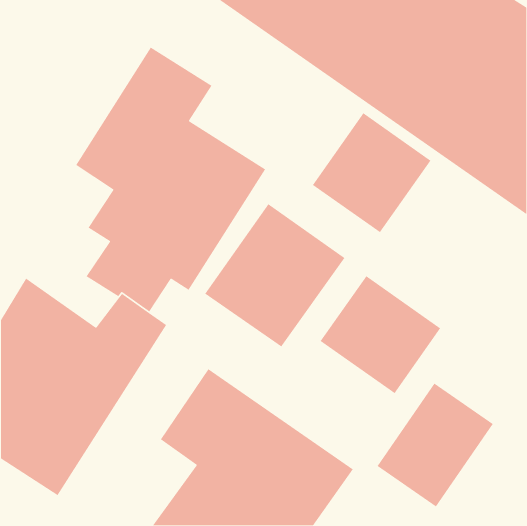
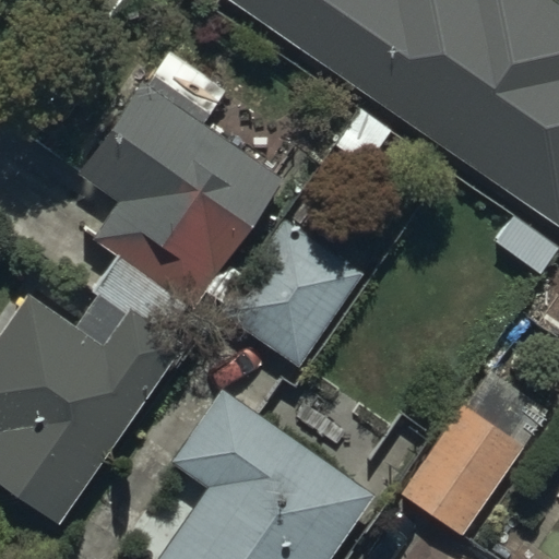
building: [312,112,431,233] -> none
building: [320,275,441,394] -> none

